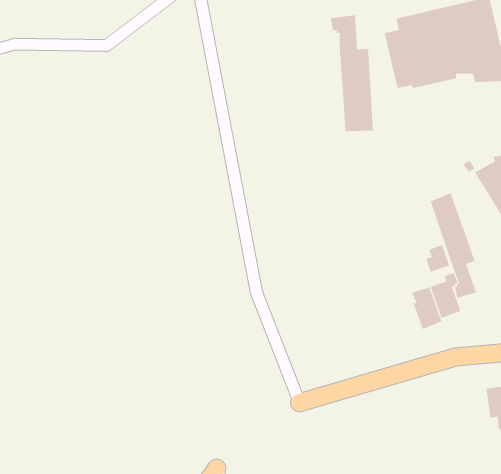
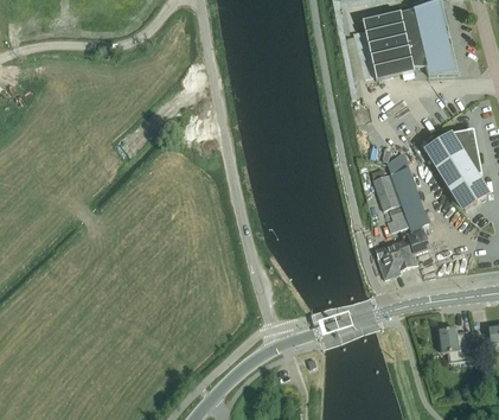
building: [330,14,373,132] -> none
building: none -> [371,171,398,208]

